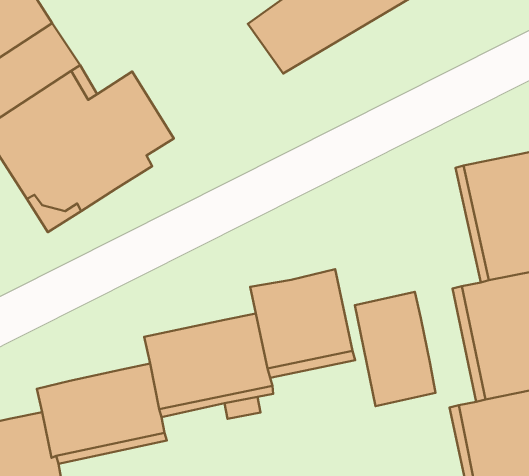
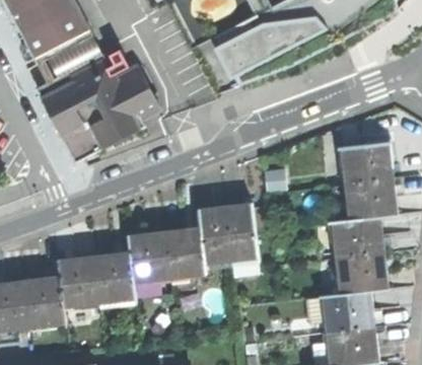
building: [355,292,436,406] -> none

